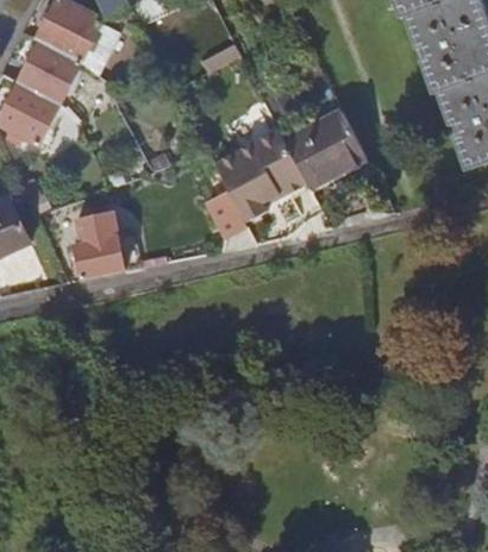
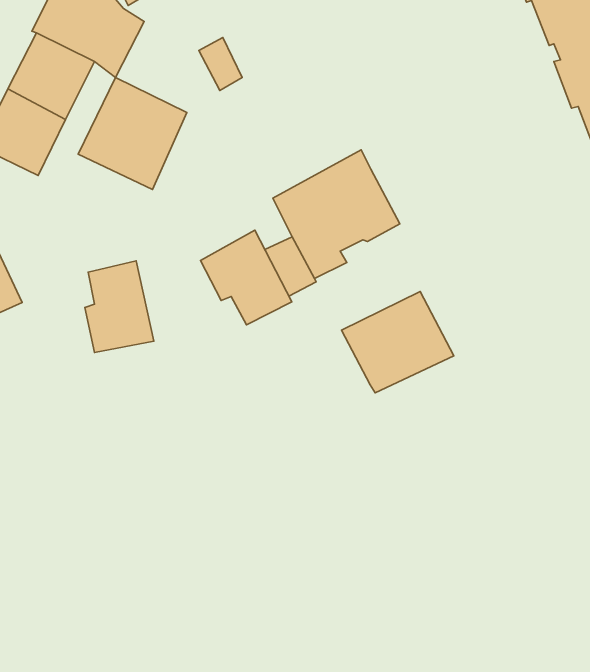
building: none -> [78,78,187,189]
building: [286,113,369,188] -> [341,292,454,393]
building: none -> [200,230,292,325]

